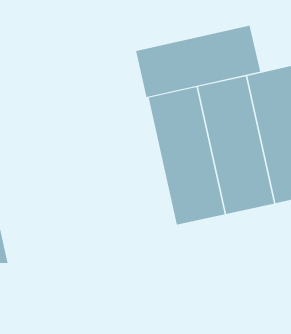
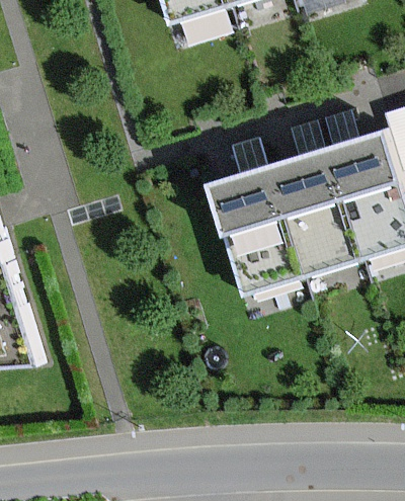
building: [135,25,261,98] -> none

